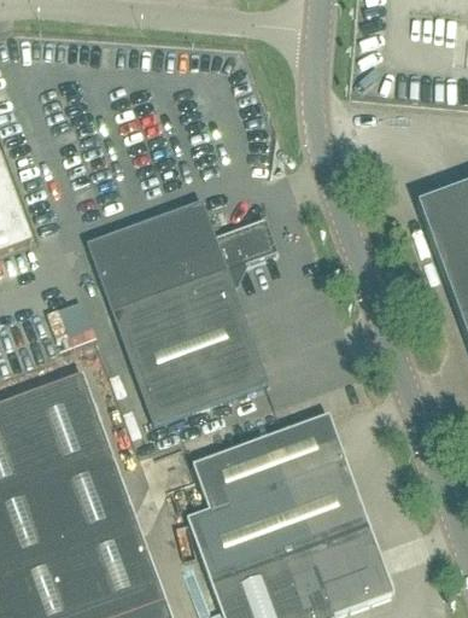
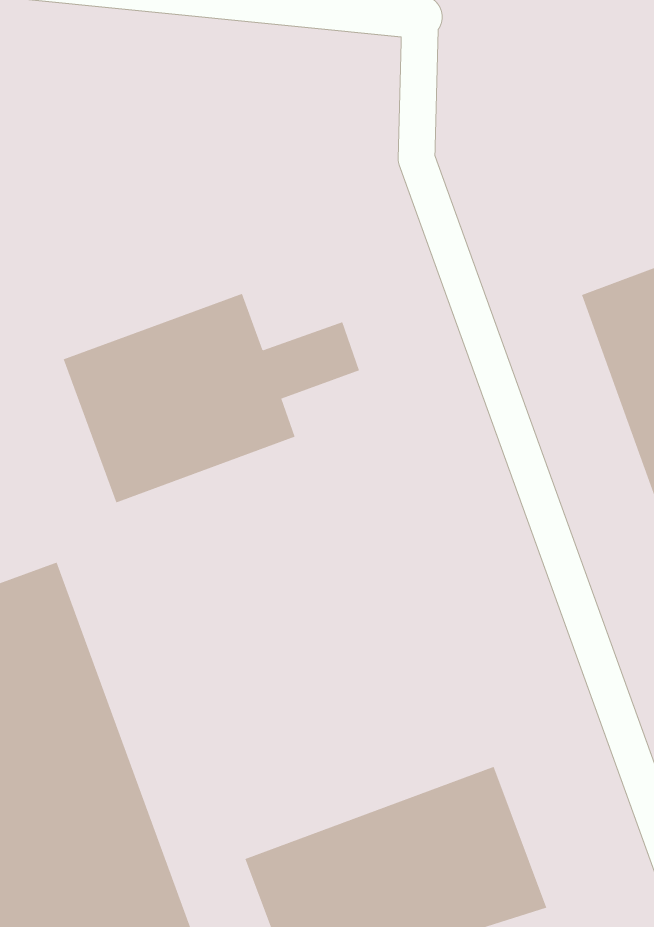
building: [119,292,267,424] -> none
building: [186,413,361,561] -> none

